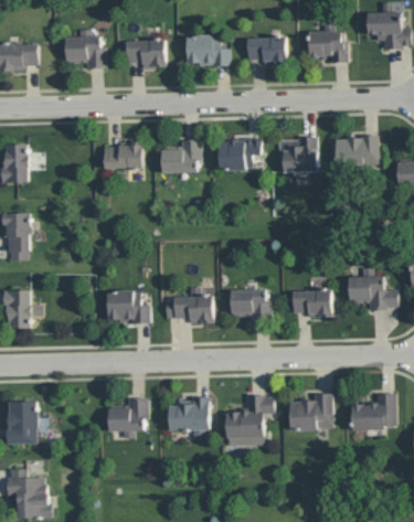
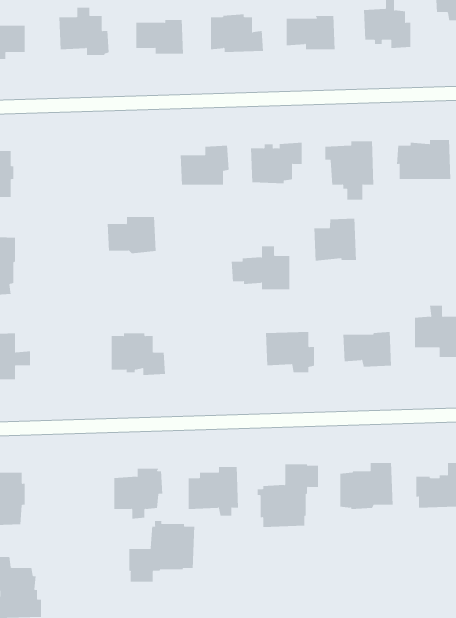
building: [103,141,142,171] -> [107,217,156,254]
building: none -> [314,218,356,262]
building: [164,288,212,323] -> [231,246,290,290]
building: none -> [129,520,195,583]

